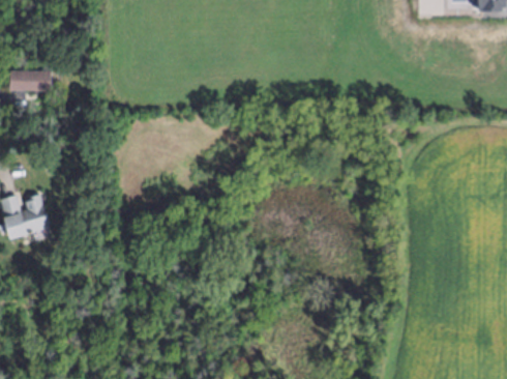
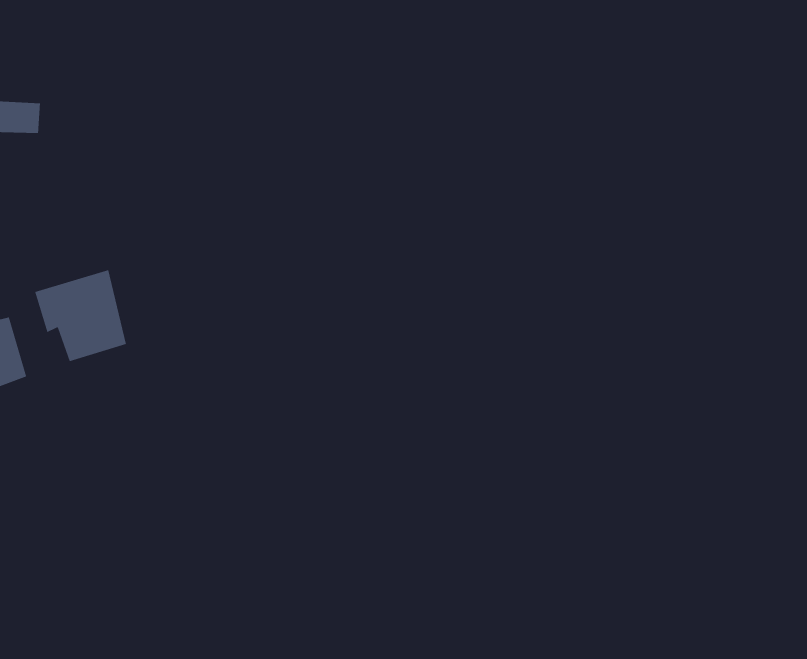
building: none -> [34,269,127,362]

